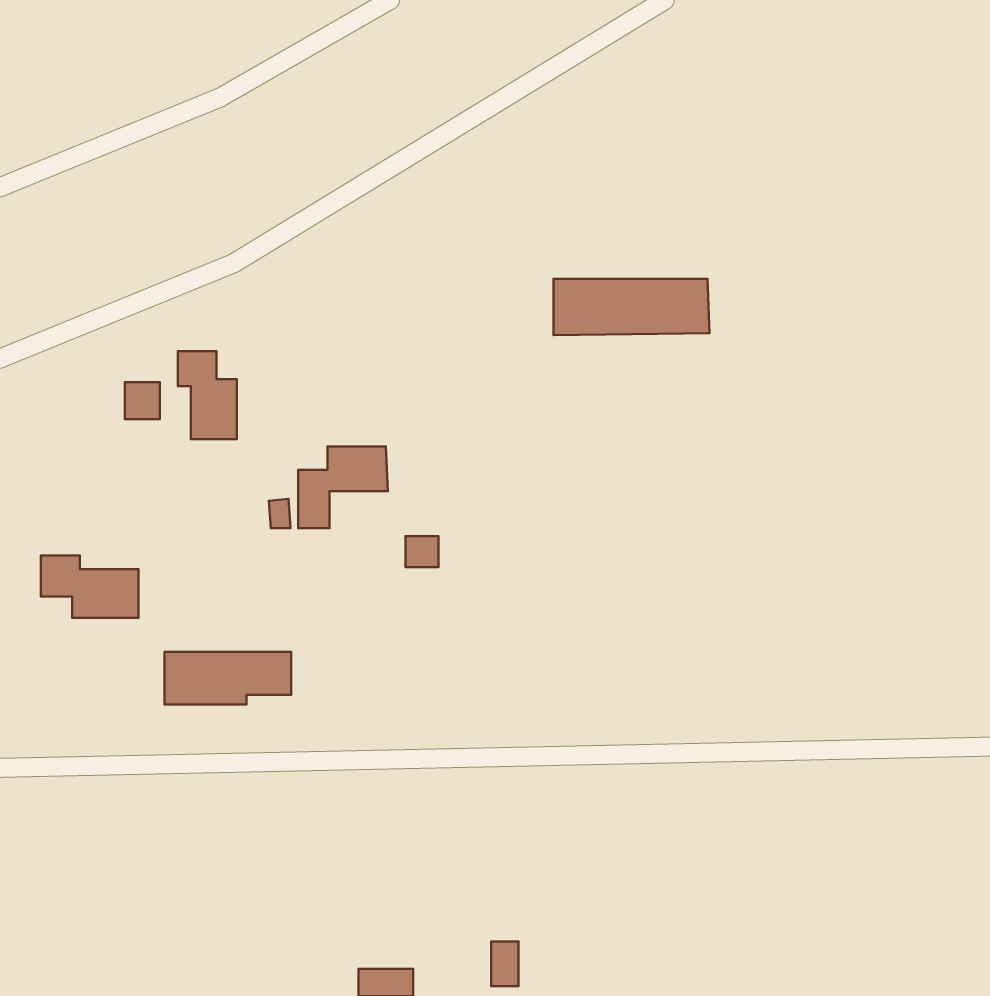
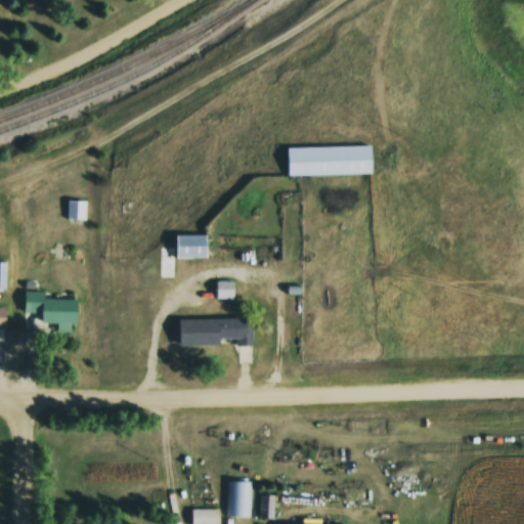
building: [178,351,237,439] -> none
building: [165,652,291,705] -> [178,318,245,346]
building: none -> [228,481,253,517]

